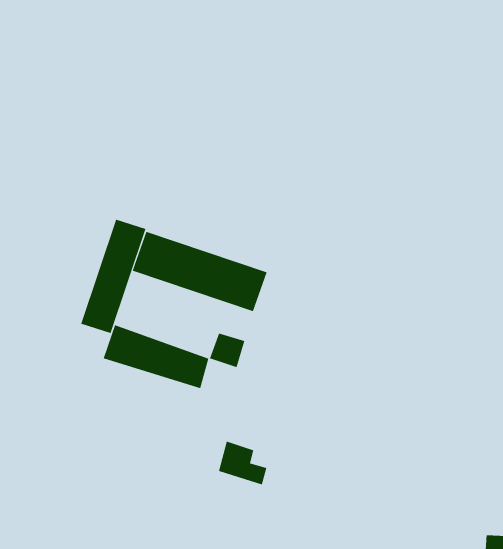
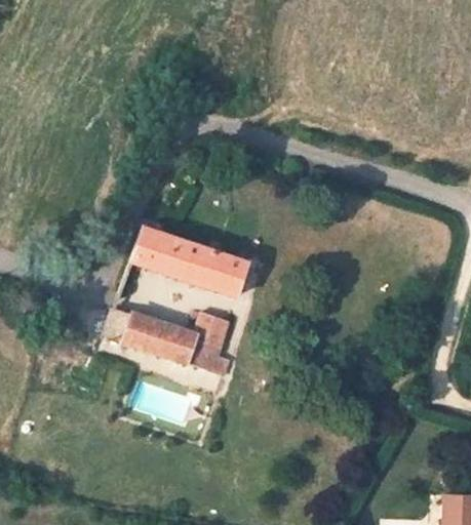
building: [80,219,146,334] -> none
building: [218,441,267,485] -> [191,337,234,376]

